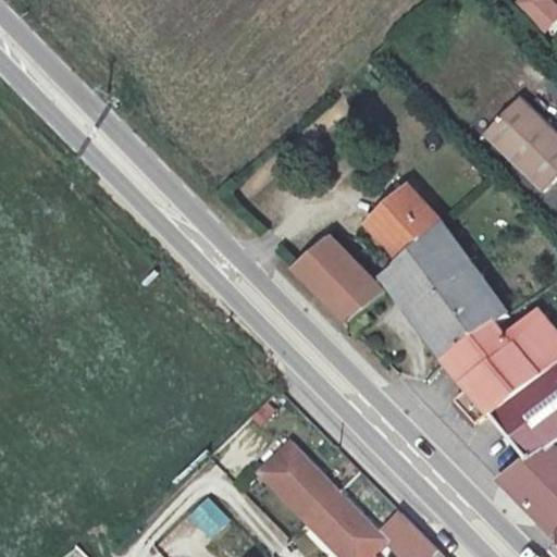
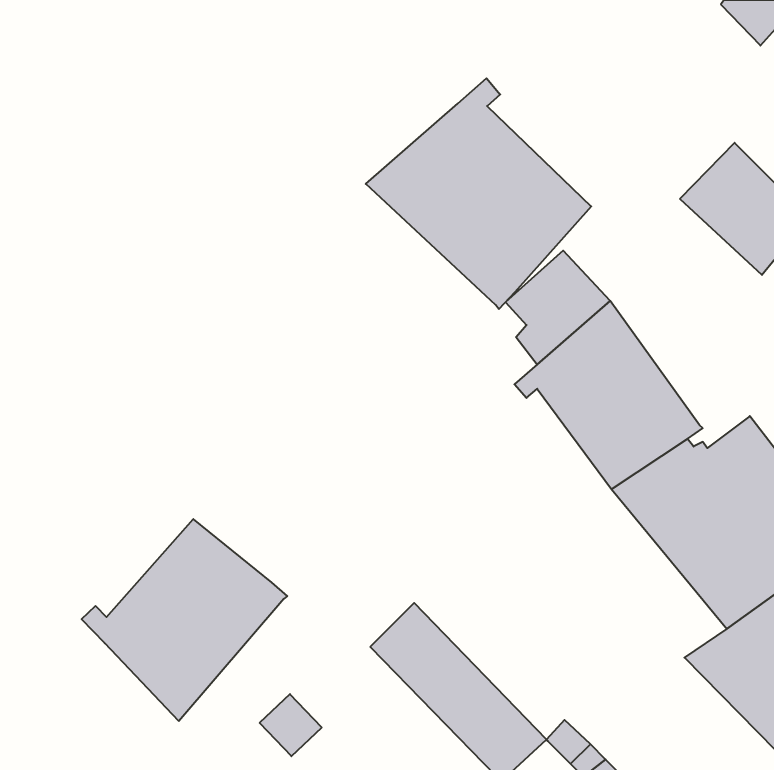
building: none -> [366,78,591,309]
building: [286,234,379,321] -> none
building: none -> [82,519,287,721]

